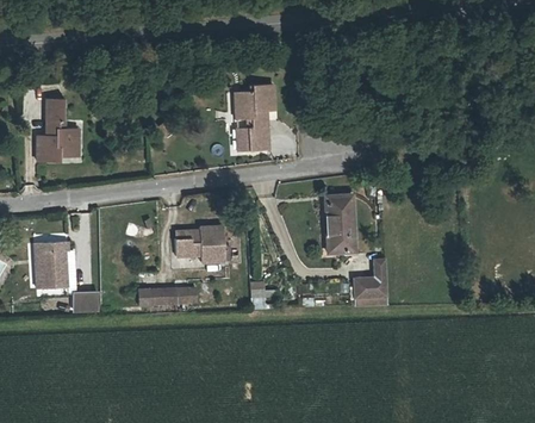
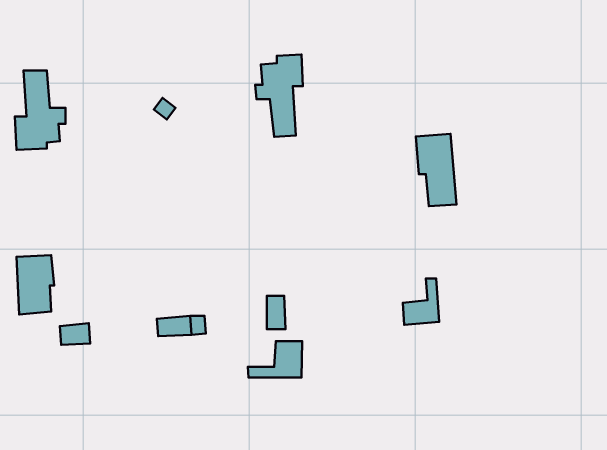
building: [322,191,355,250] -> [416,134,456,206]
building: [170,226,223,265] -> none
building: none -> [248,341,302,378]

